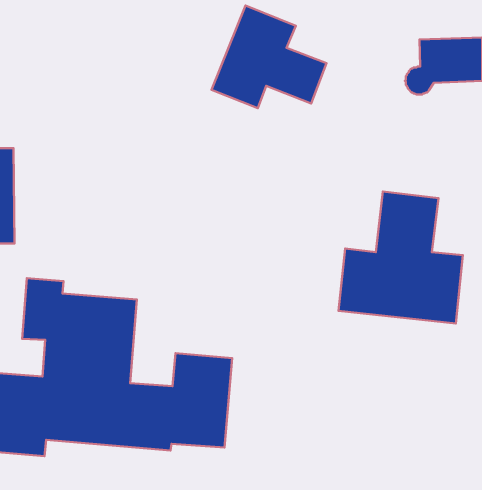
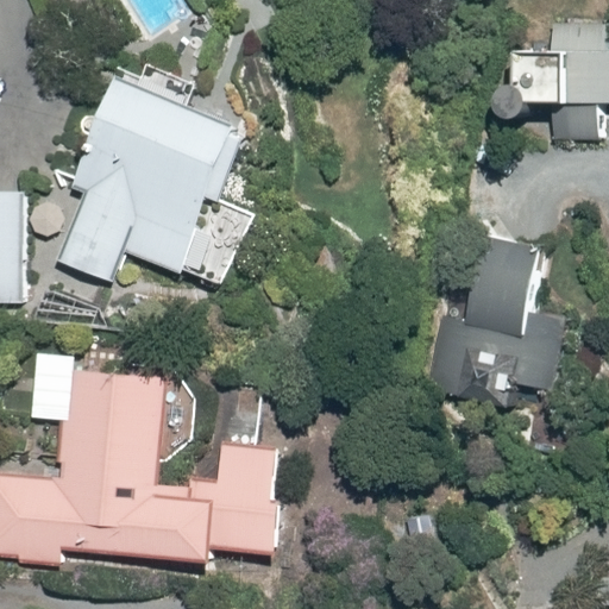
building: [212,5,327,108] -> none
building: none -> [54,81,246,284]

